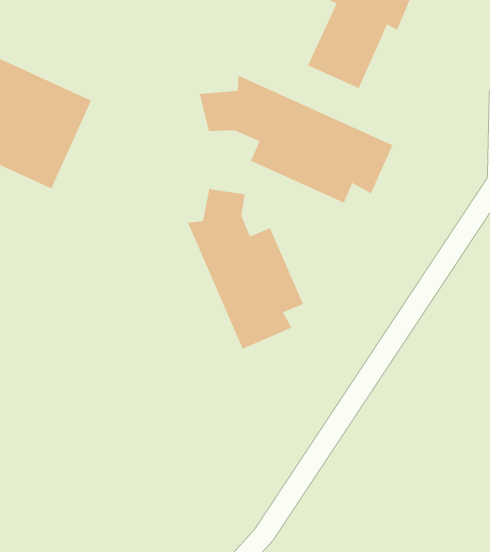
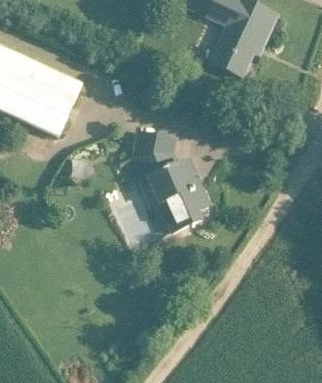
building: [198,75,393,204] -> none

